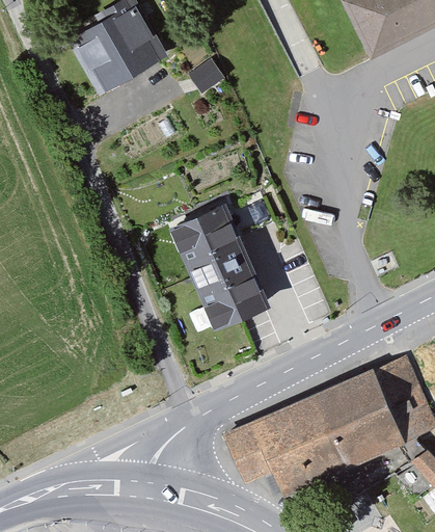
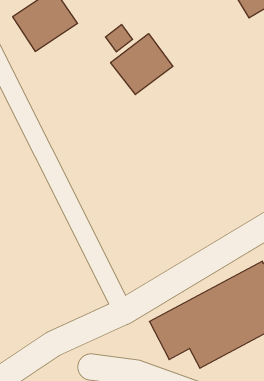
building: none -> [111,34,173,95]
building: [173,202,264,317] -> none

